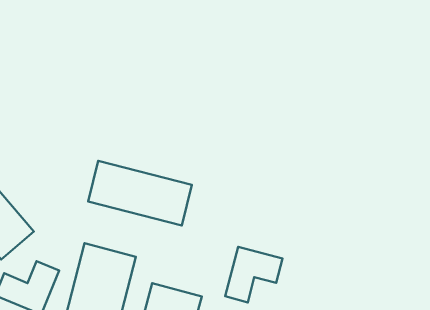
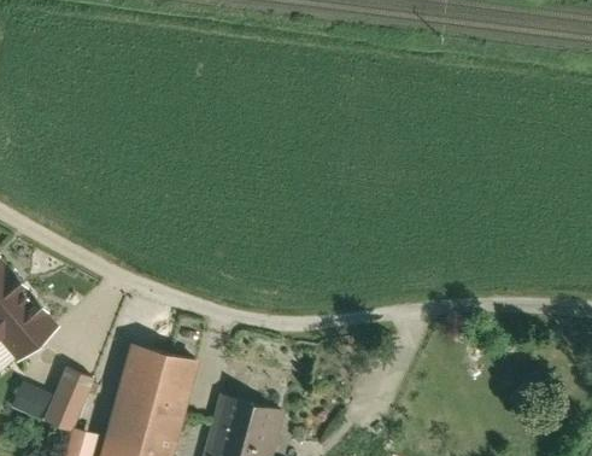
building: [88,161,192,226] -> none
building: [225,247,283,302] -> none

